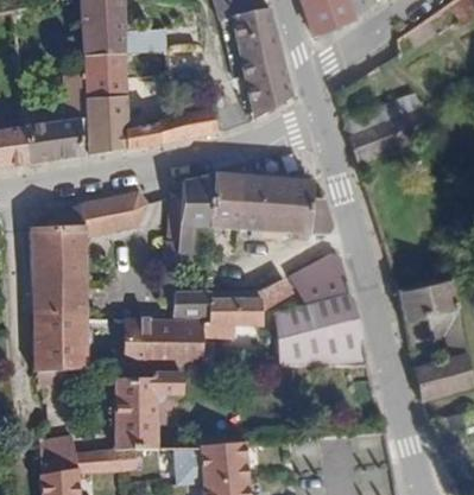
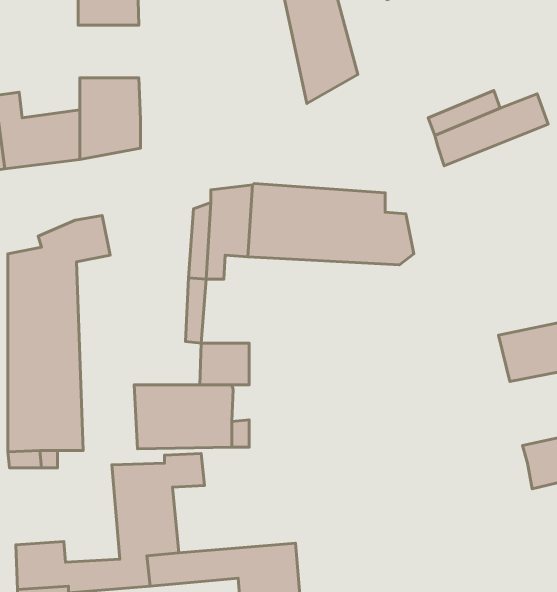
building: [84,57,129,96] -> none
building: [131,106,220,148] -> none
building: [102,191,151,228] -> none
building: [272,256,371,368] -> none
building: [198,281,290,337] -> none

